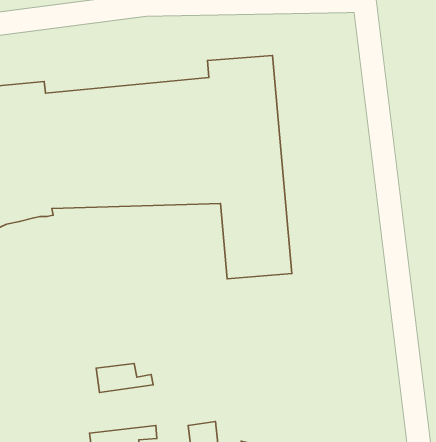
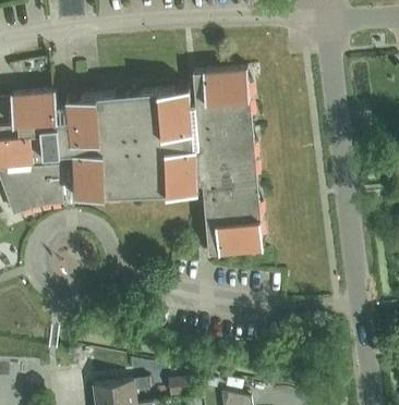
building: [96,364,153,393] -> none

